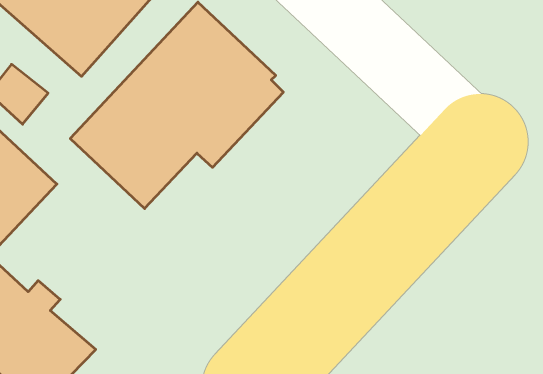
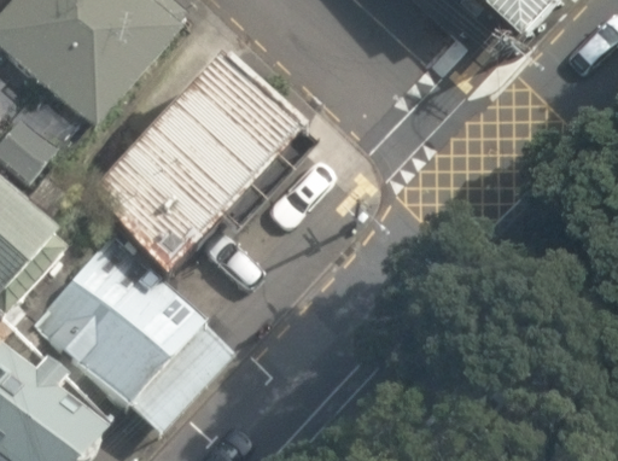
building: none -> [33,235,206,408]

